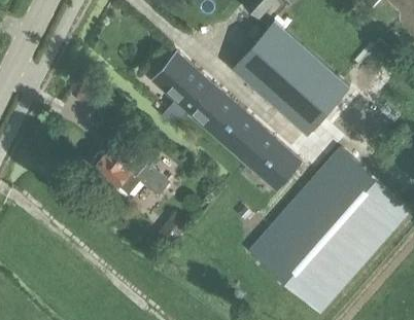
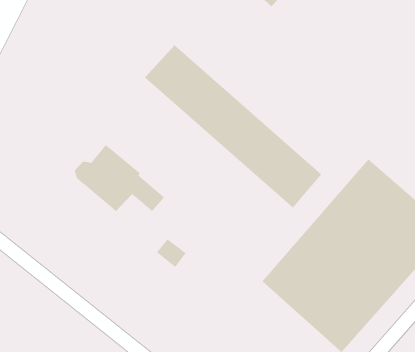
building: [233,22,351,135] -> none

